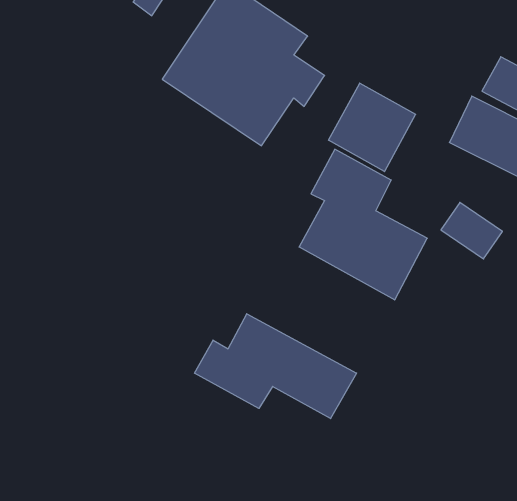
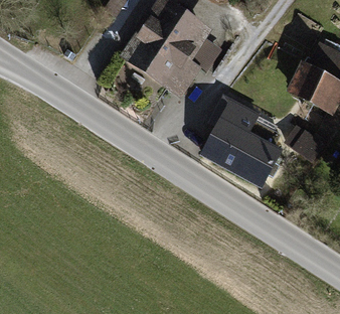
building: [329,83,416,172] -> none
building: [195,314,357,419] -> none

